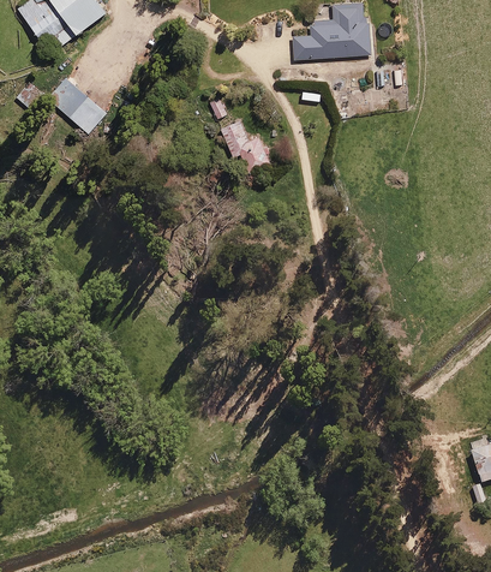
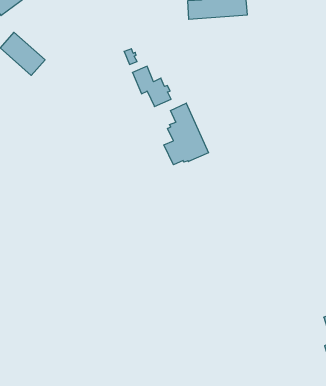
building: none -> [164,103,208,165]

